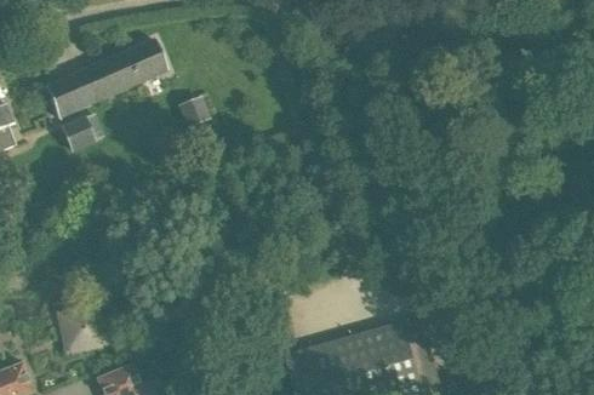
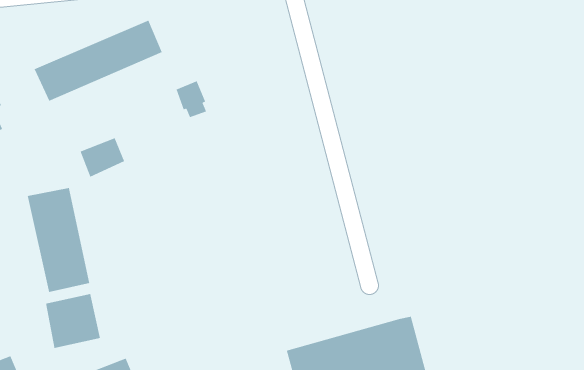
building: [59,113,103,151] -> [80,137,125,178]
building: none -> [27,187,90,293]

